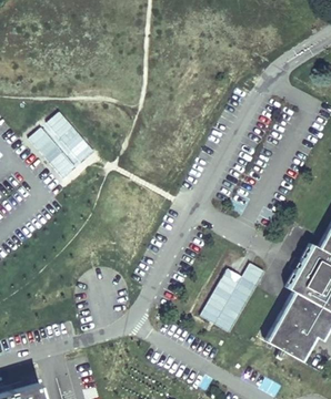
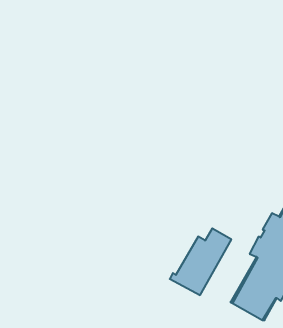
building: [30,111,97,178] -> none

